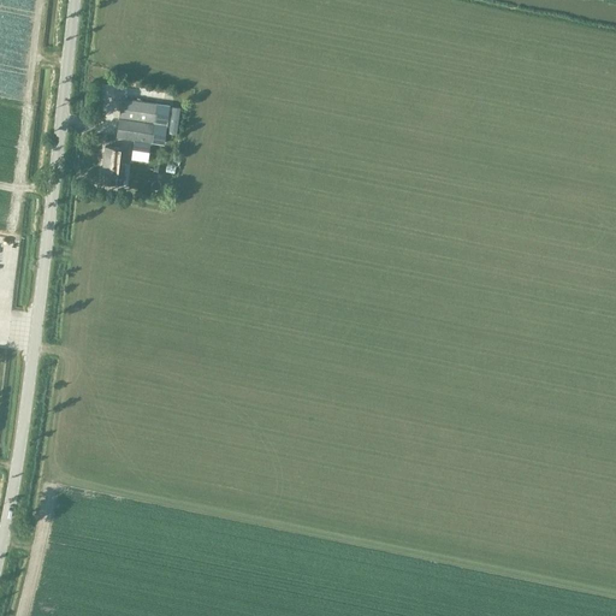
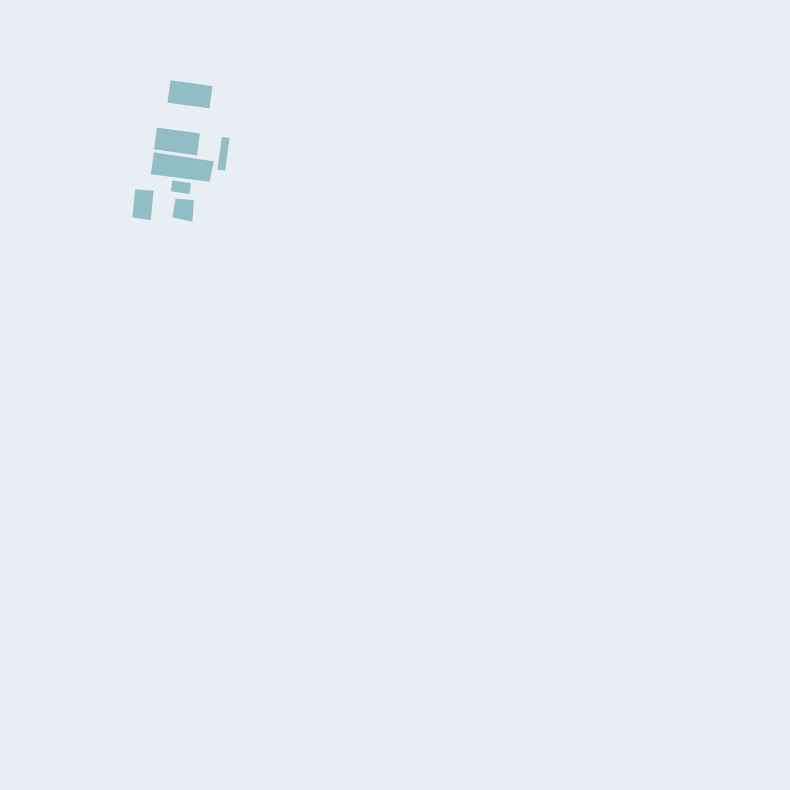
building: none -> [166,79,214,109]

